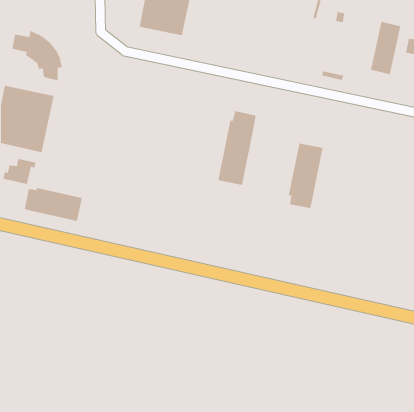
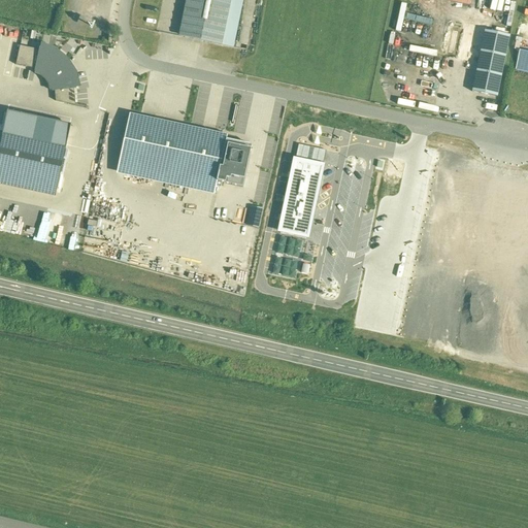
building: none -> [117,111,250,192]
building: [288,143,323,209] -> none
building: [24,187,82,222] -> none

